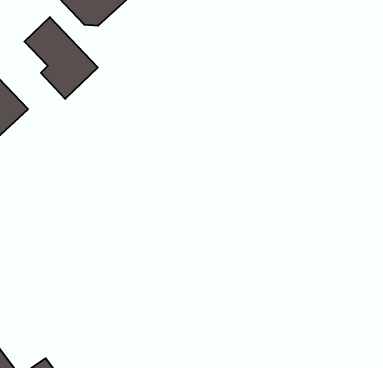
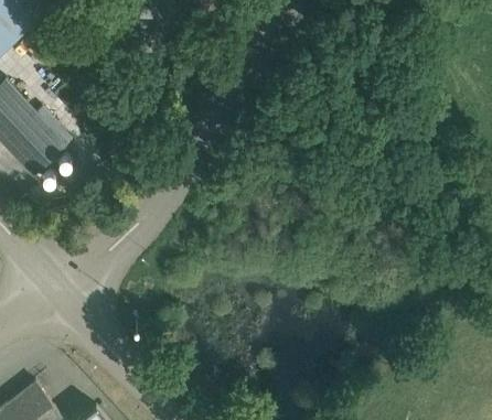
building: [24,17,98,99] -> none

